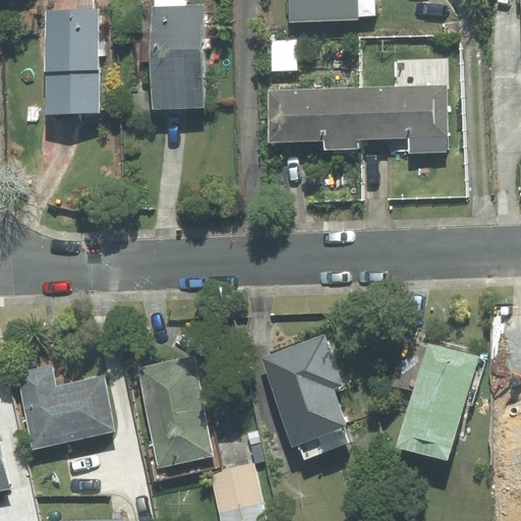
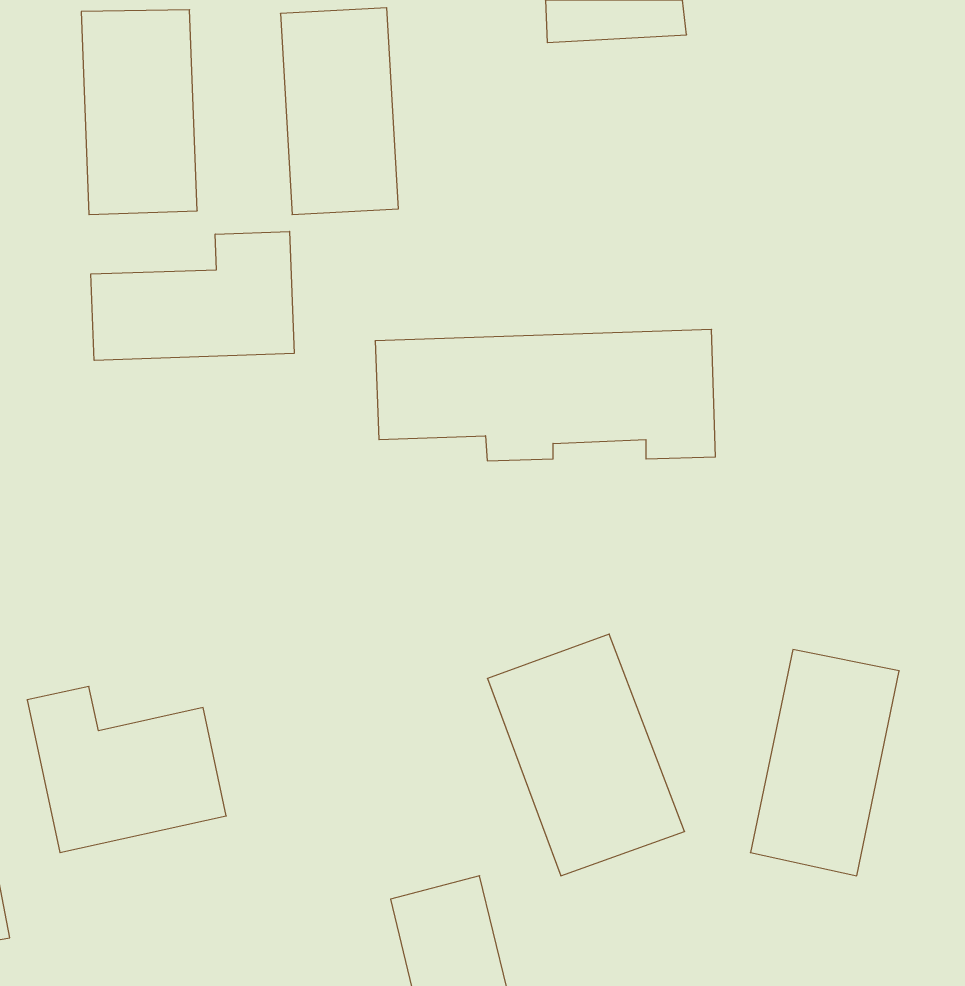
building: [268,82,447,152] -> [375,329,715,461]
building: none -> [91,231,294,360]
building: [134,346,221,470] -> none

